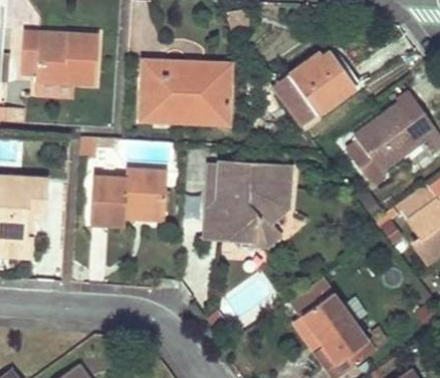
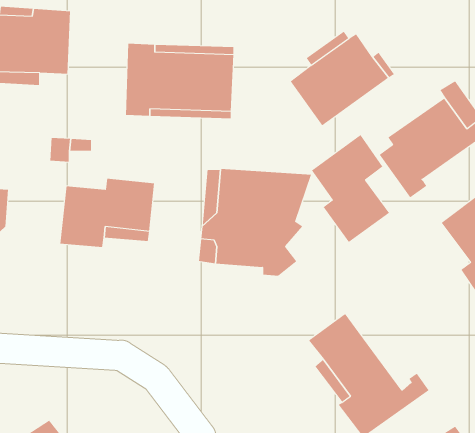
building: none -> [311,134,390,243]

